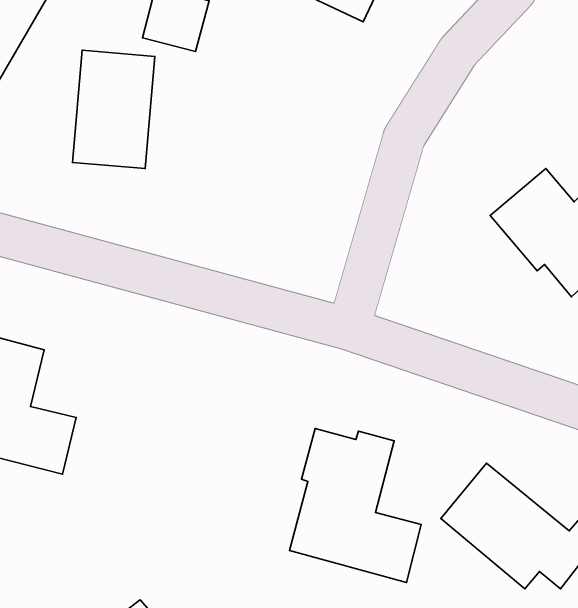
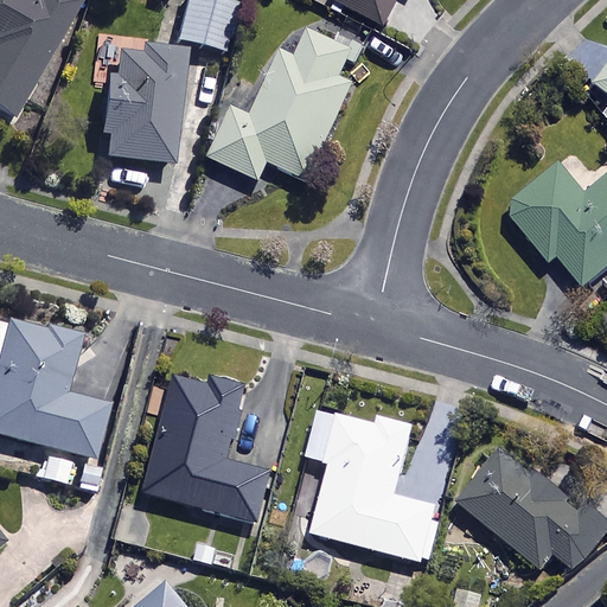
building: none -> [210,26,351,178]
building: none -> [145,376,269,520]

